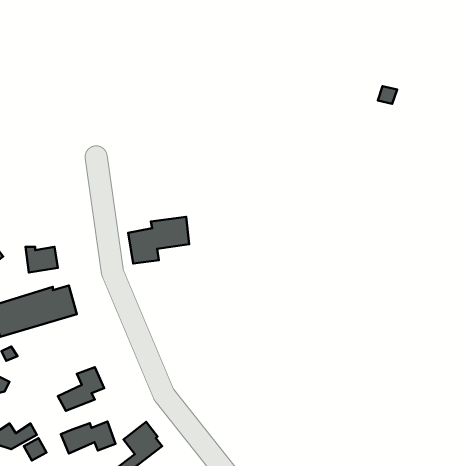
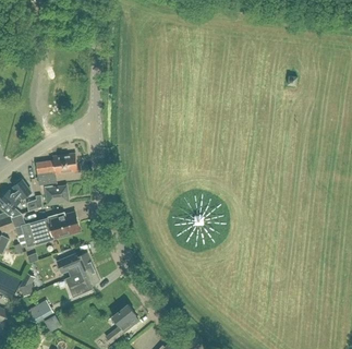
building: [128,217,189,263] -> [36,153,77,184]
building: [61,421,116,454] -> [56,252,93,274]

